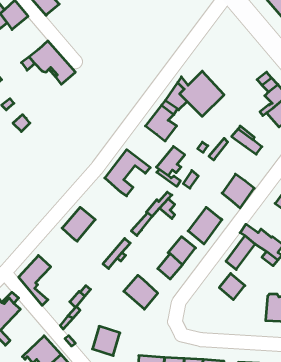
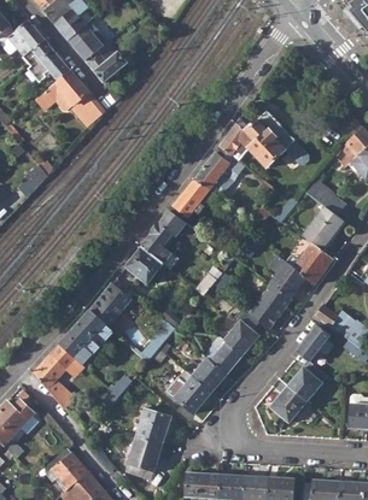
building: none -> [70,24,128,82]
building: none -> [23,40,70,82]
building: [156,146,185,176] -> [173,180,209,217]
building: none -> [300,206,343,249]
building: none -> [124,246,163,284]
building: none -> [270,261,305,298]
building: none -> [58,310,111,365]
building: none -> [192,358,226,393]
building: none -> [270,386,306,423]
building: none -> [135,408,170,443]

